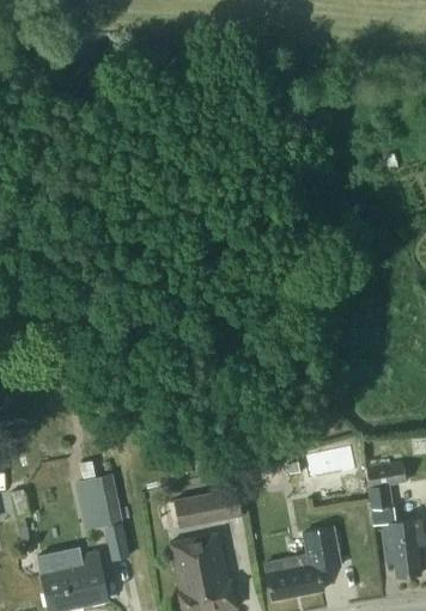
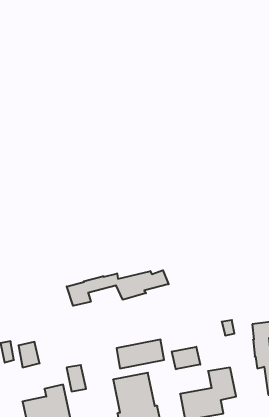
building: none -> [67,270,169,306]
building: [89,473,118,509] -> [18,342,40,367]
building: none -> [172,347,200,369]

